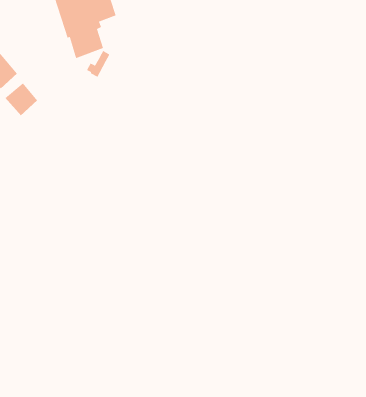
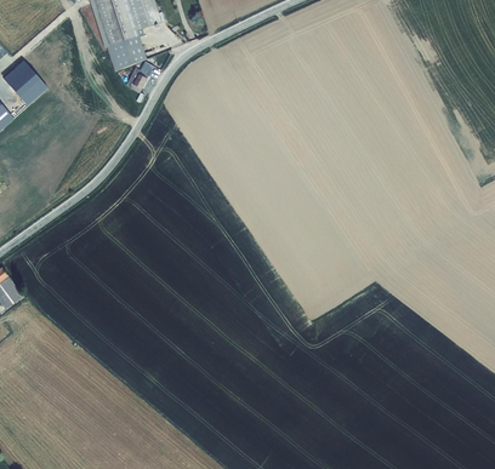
building: [5,83,38,116] -> none

